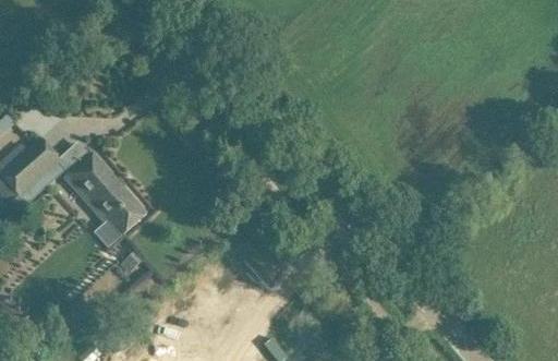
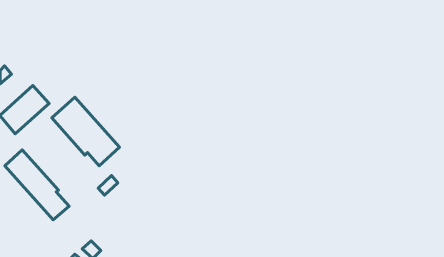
building: none -> [5,150,69,220]

